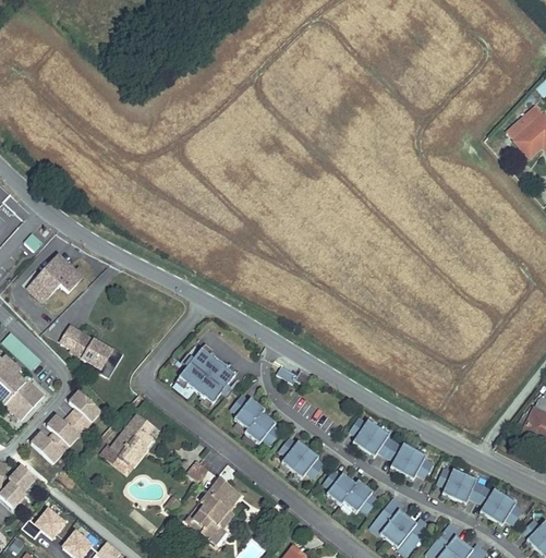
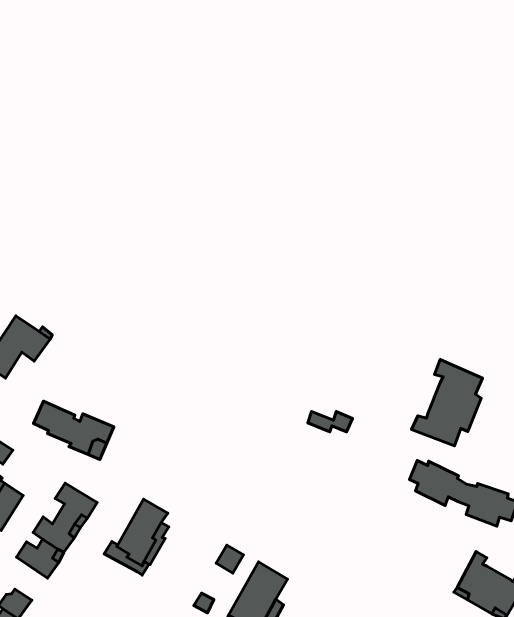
building: none -> [412,359,482,446]
building: [179,349,235,403] -> none
building: [231,396,280,445] -> none
building: [280,438,324,477] -> none
building: [324,470,378,513] -> none

